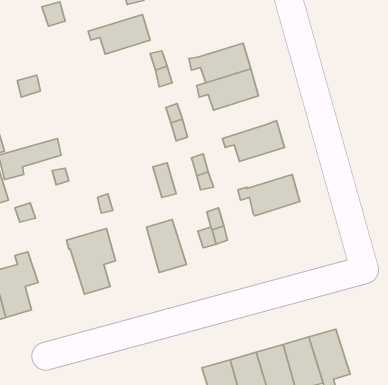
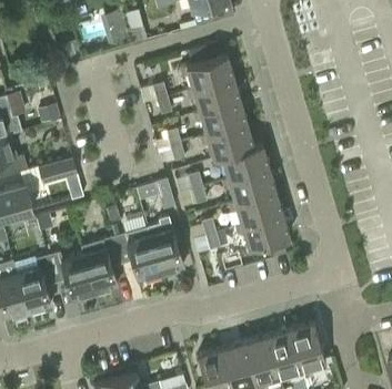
building: [88,14,150,54] -> [180,54,233,89]
building: none -> [199,122,254,158]
building: none -> [222,166,275,202]
building: none -> [235,213,289,248]
building: none -> [115,227,162,283]
building: none -> [48,252,97,299]

